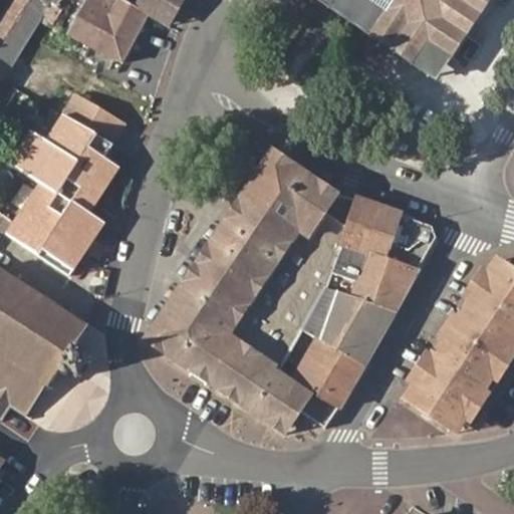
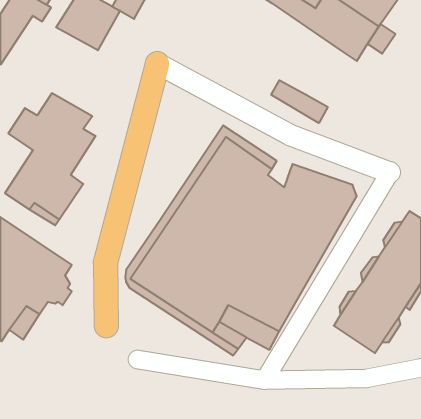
building: [63,93,125,142] -> none
building: none -> [271,80,328,123]

